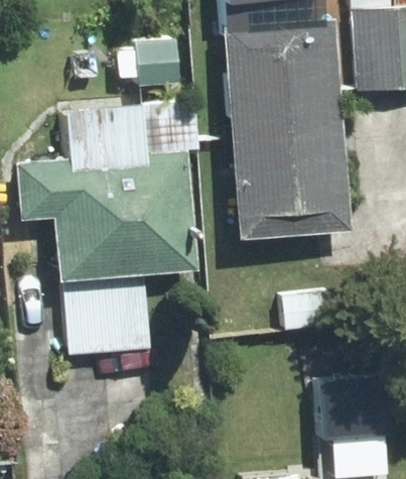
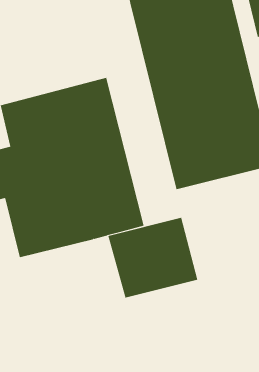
building: [59,277,149,354] -> [108,217,198,298]

